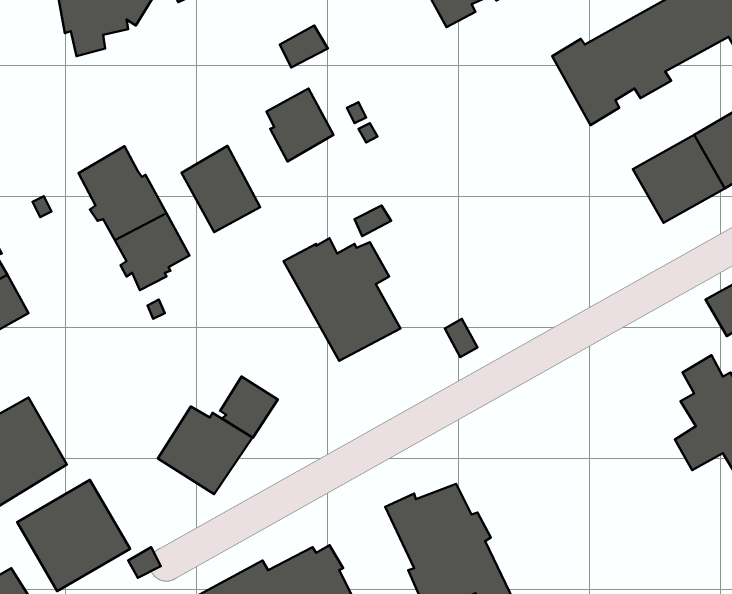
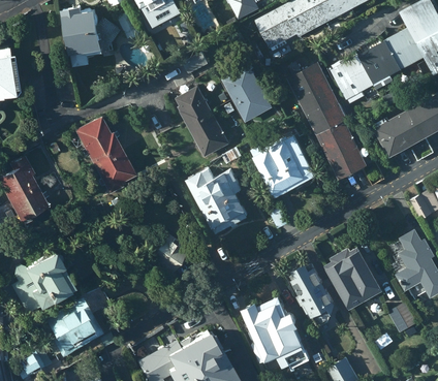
building: none -> [288,63,367,180]
building: none -> [222,64,273,123]
building: [182,146,260,232] -> [187,110,229,157]
building: none -> [251,129,315,198]
building: none -> [325,248,382,310]
building: [158,406,252,494] -> none
building: none -> [290,267,330,310]
building: none -> [389,304,418,334]

